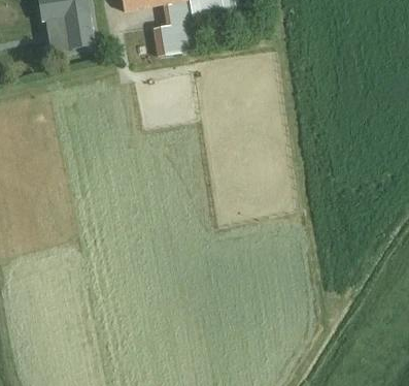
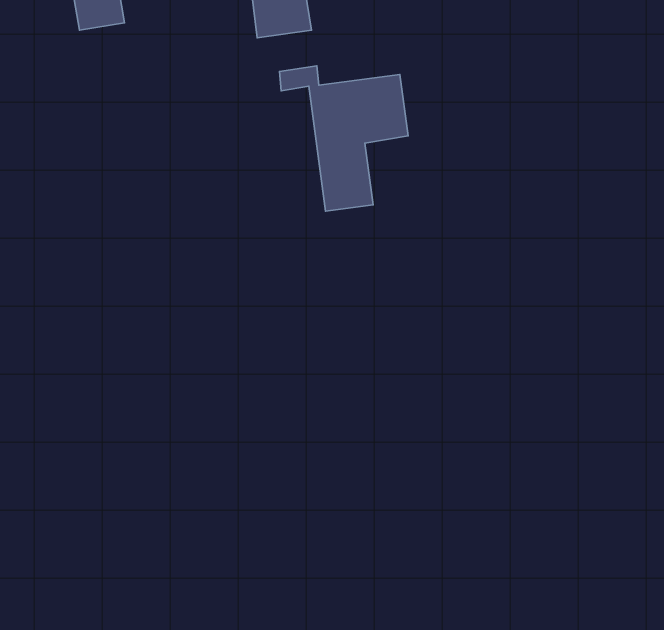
building: none -> [280,66,408,211]

